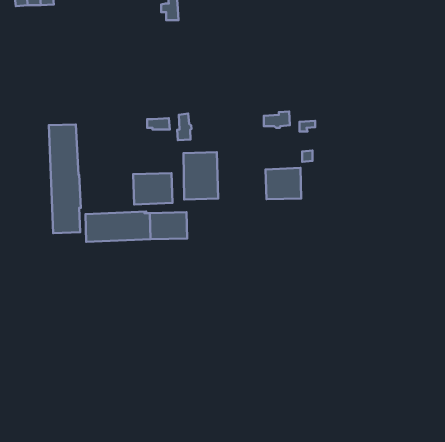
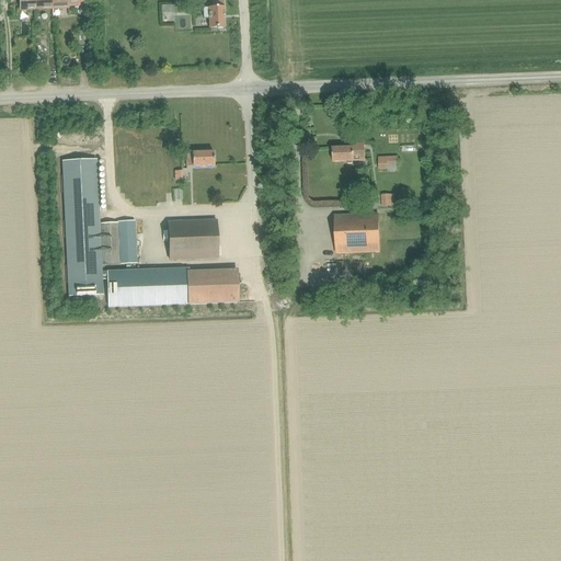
building: [177,113,192,140] -> none
building: [184,152,218,199] -> none
building: none -> [100,218,136,262]

